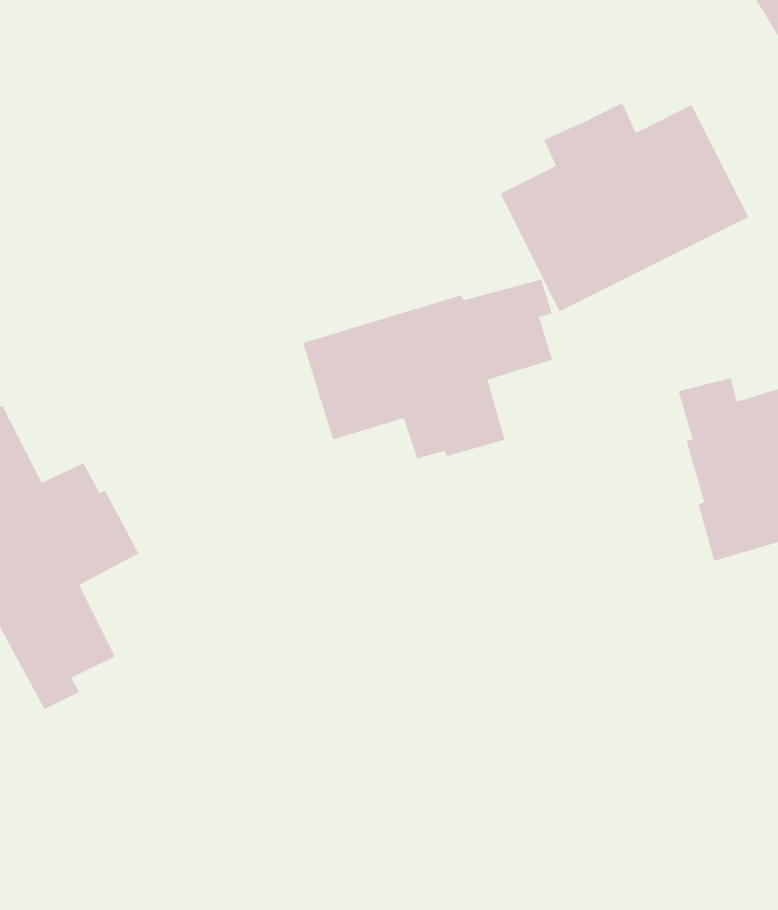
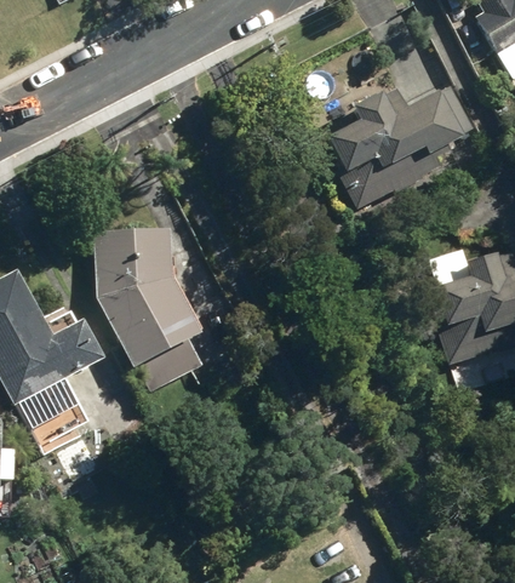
building: [302,279,553,459] -> none
building: none -> [97,229,204,389]

